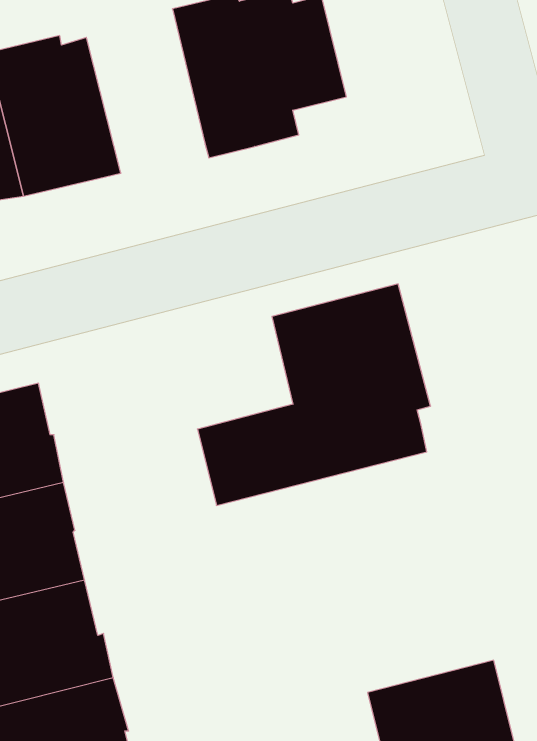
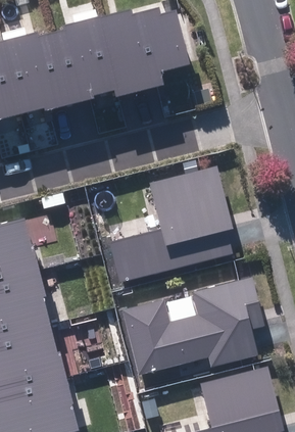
building: none -> [50,17,113,105]
building: none -> [122,277,265,375]

